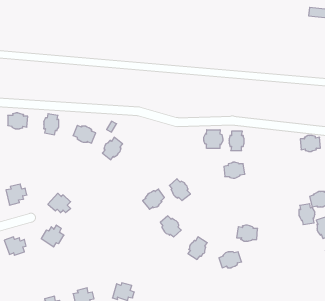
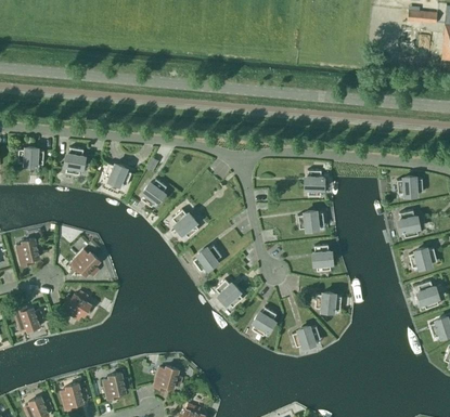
building: [204,130,223,148] -> none
building: [169,179,190,201] -> [171,210,198,238]
building: none -> [311,246,332,272]
building: [299,204,315,225] -> [398,211,419,238]

